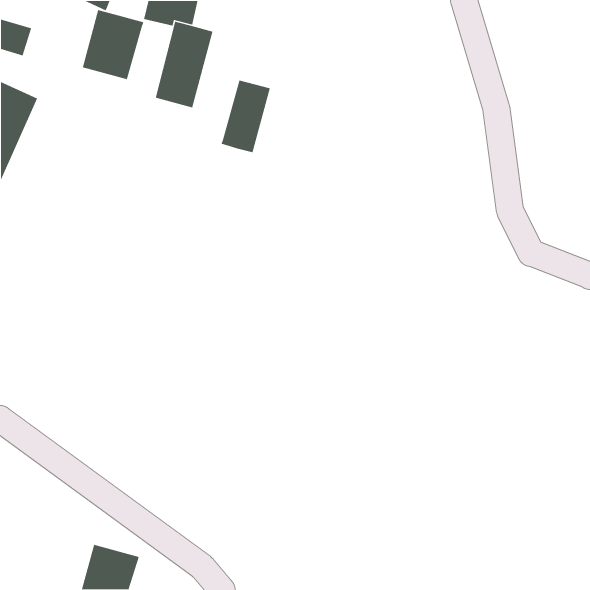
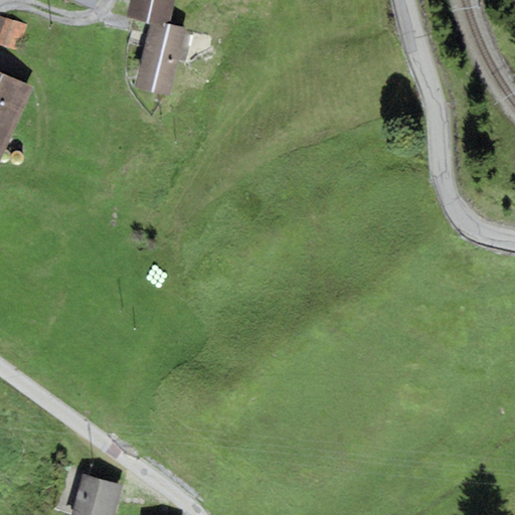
building: [82,9,144,80] -> none
building: [221,79,271,153] -> none

